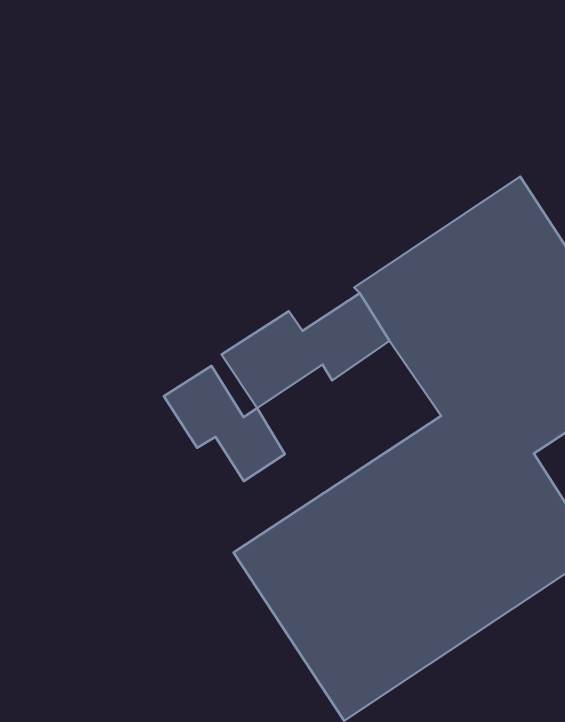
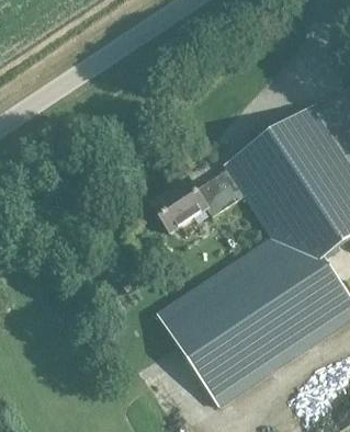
building: [164,366,285,481] -> none

